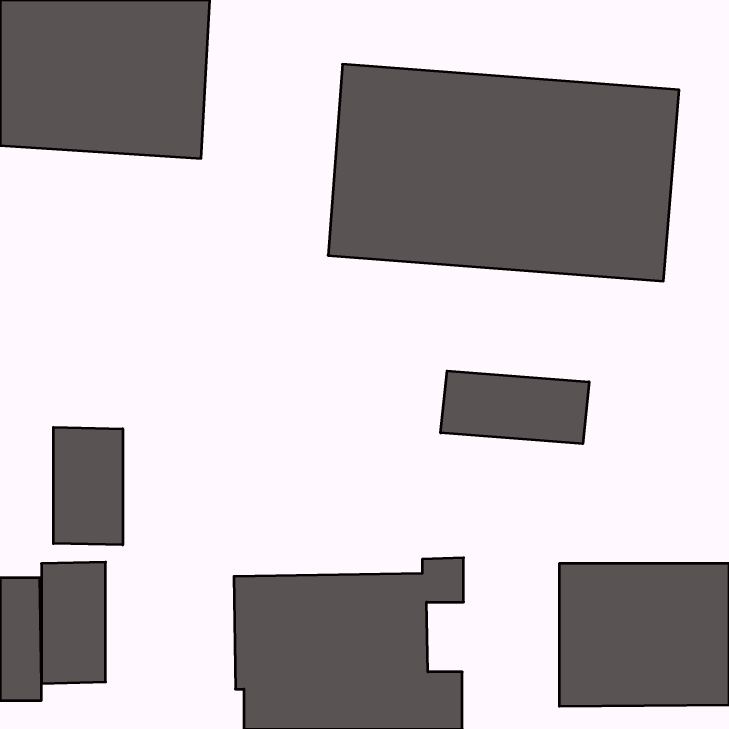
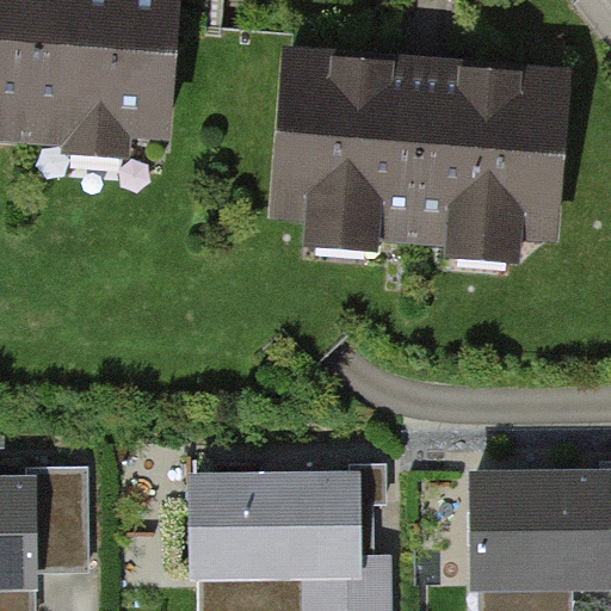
building: [441,371,589,444] -> none
building: [53,427,123,545] -> none

